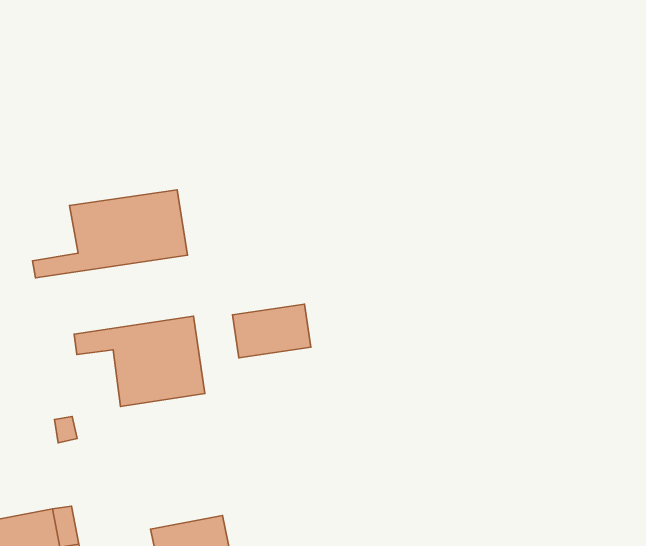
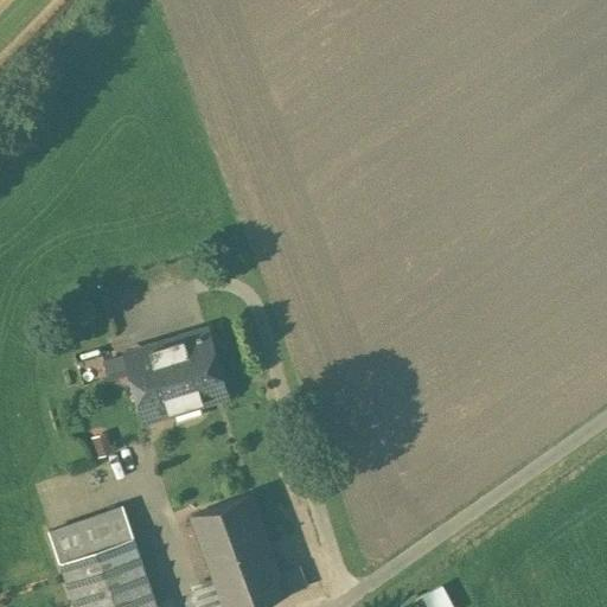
building: [32,190,187,278] -> none
building: [233,304,311,358] -> none

